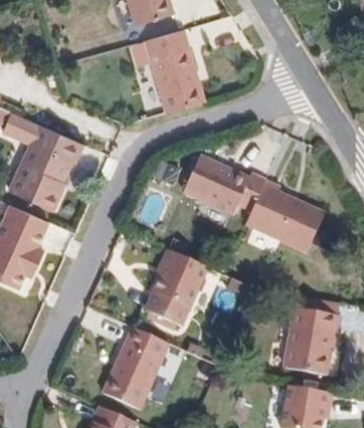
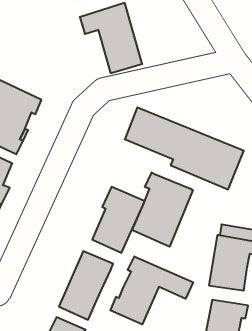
building: none -> [132,172,193,247]
building: none -> [110,256,193,324]

